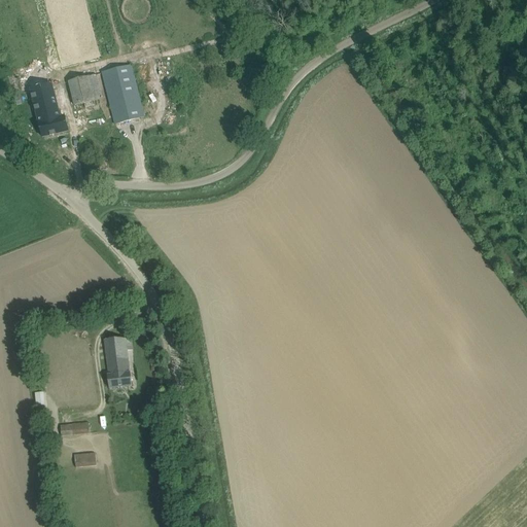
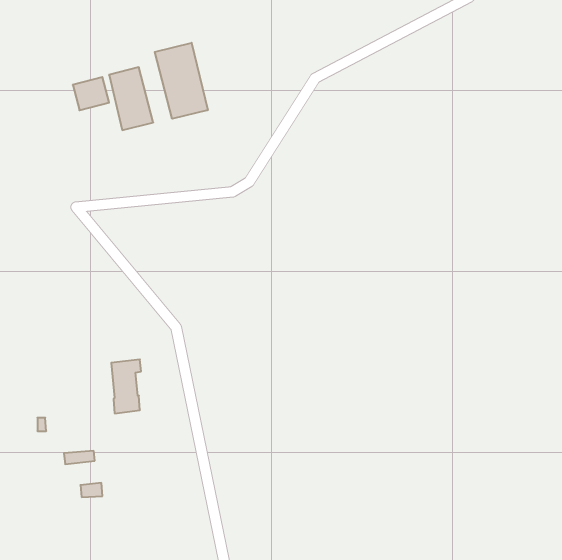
building: none -> [155,43,208,119]
building: [32,83,68,134] -> none

